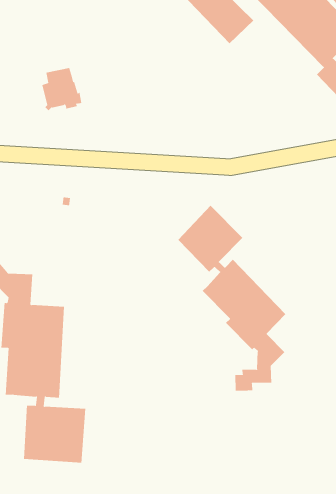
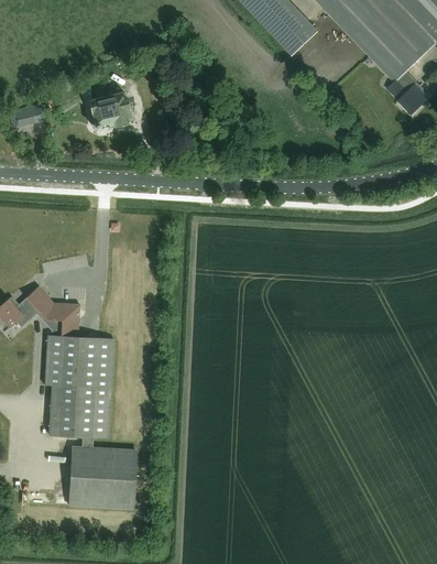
building: [178,205,286,392] -> none

